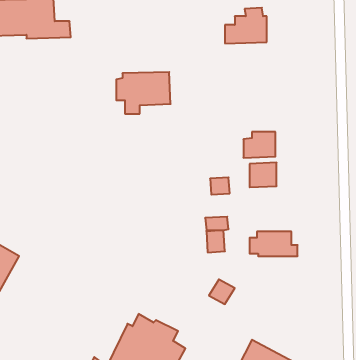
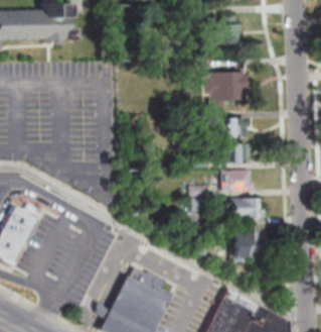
building: [116,72,171,114] -> [205,73,250,107]
building: none -> [223,171,256,193]
building: none -> [234,226,266,263]

